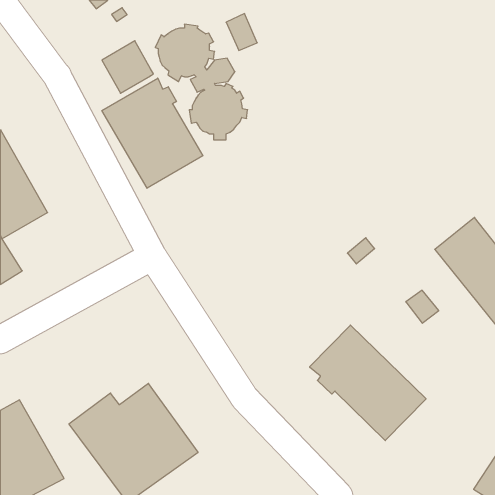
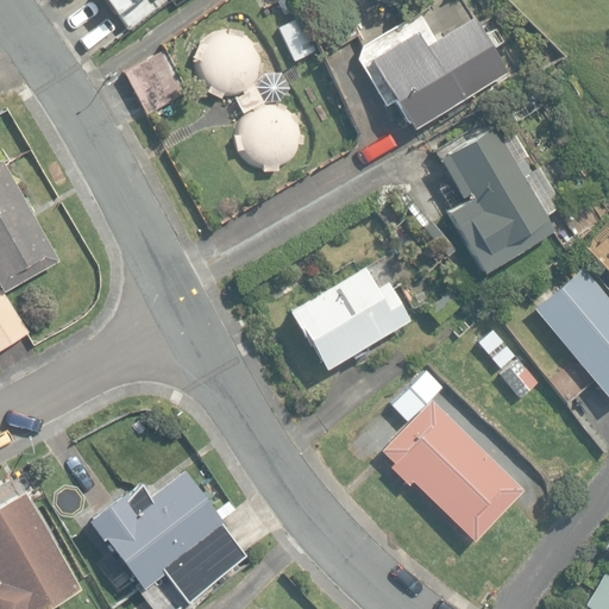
building: none -> [370,18,508,130]
building: [102,78,203,188] -> none
building: none -> [433,120,553,272]
building: none -> [283,257,412,372]

